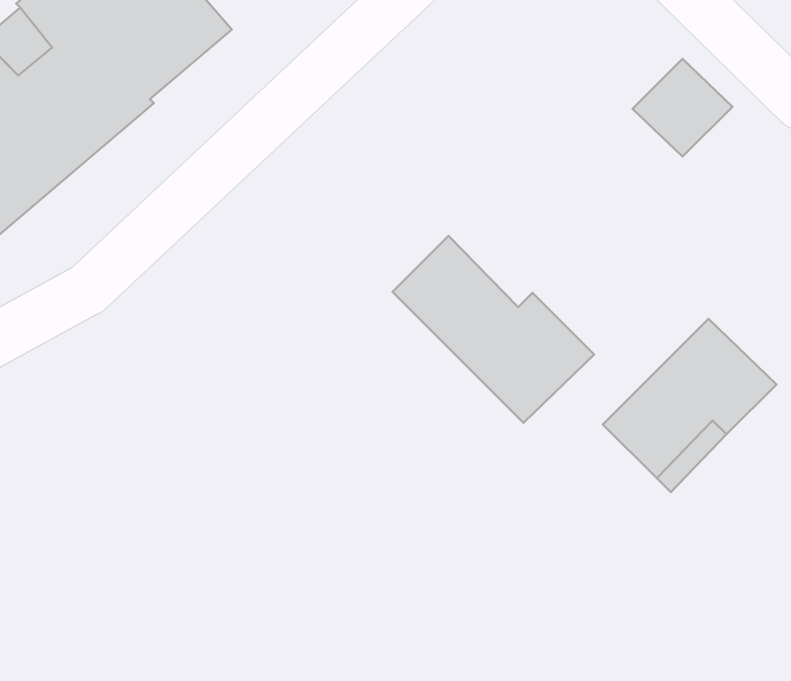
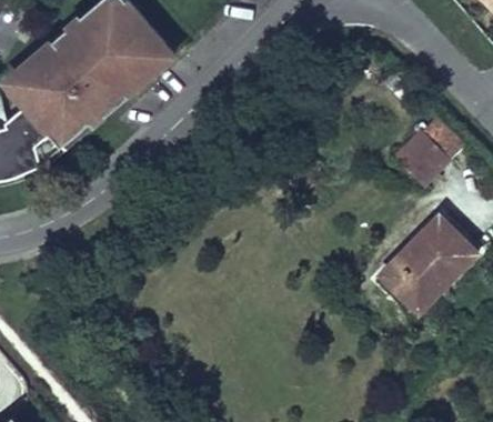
building: [633,59,732,157] -> [394,129,450,183]
building: [393,236,594,423] -> none

